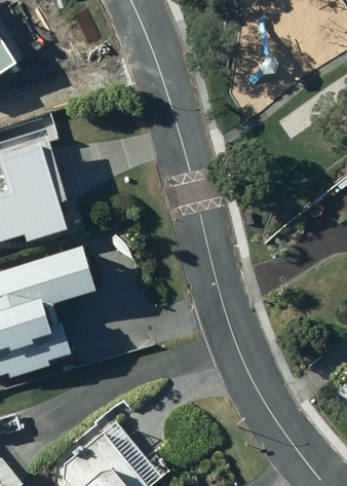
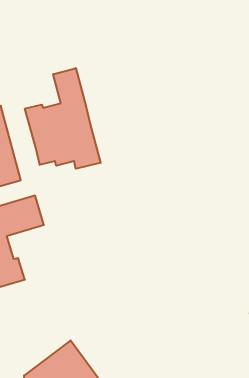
building: none -> [25,68,101,169]

